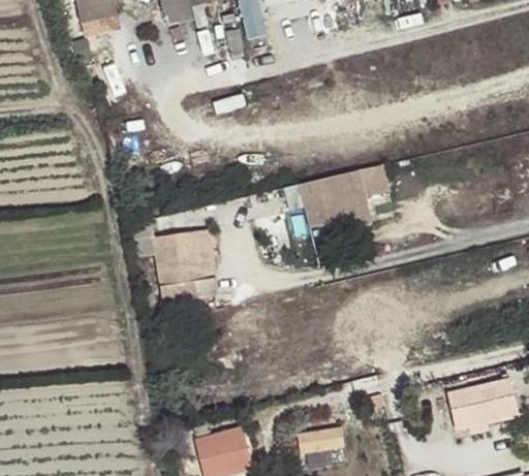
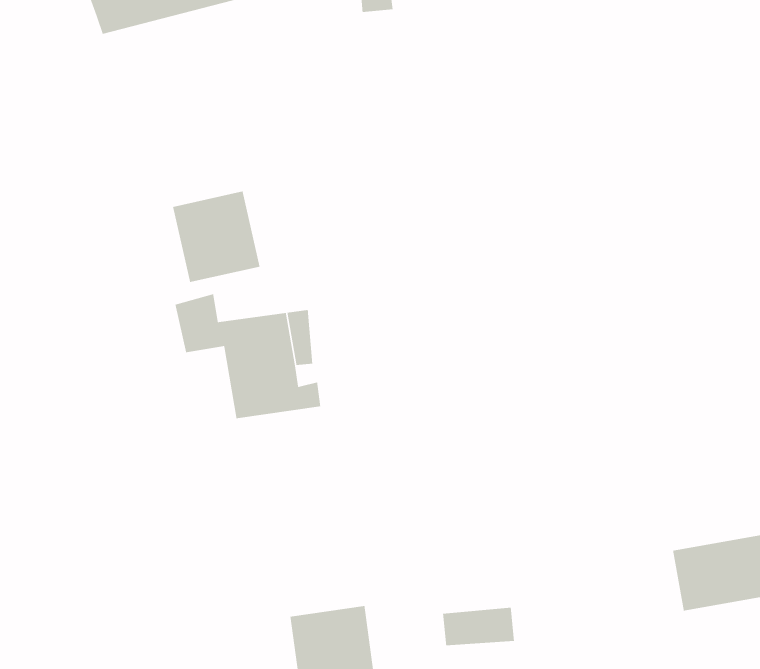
building: none -> [172,191,260,283]
building: [300,164,390,227] -> none

